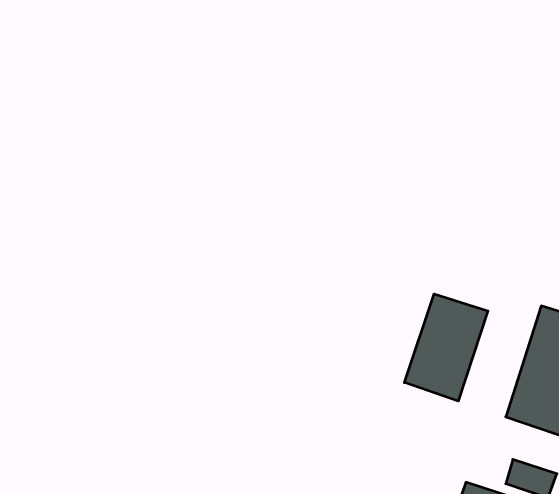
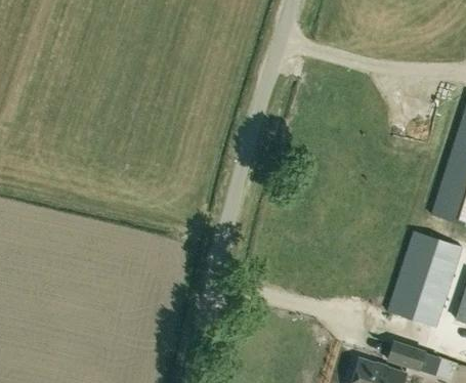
building: [404,294,488,401] -> none

